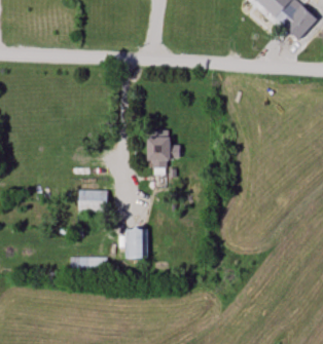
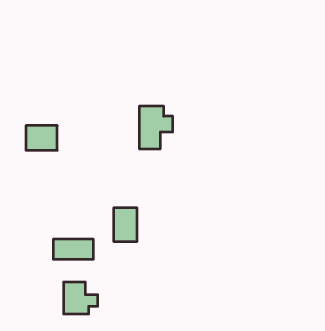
building: [78,189,107,212] -> [26,126,57,150]
building: none -> [64,282,98,314]

